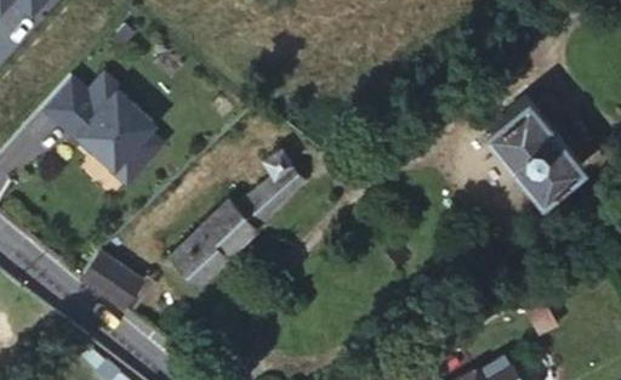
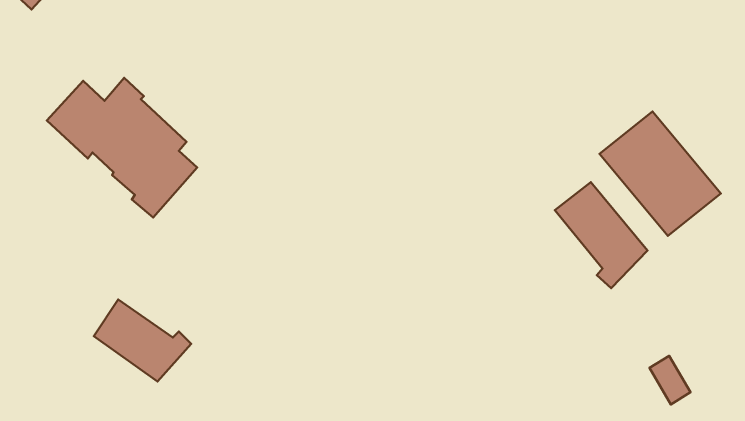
building: [167,152,302,287] -> none
building: none -> [555,182,647,288]

